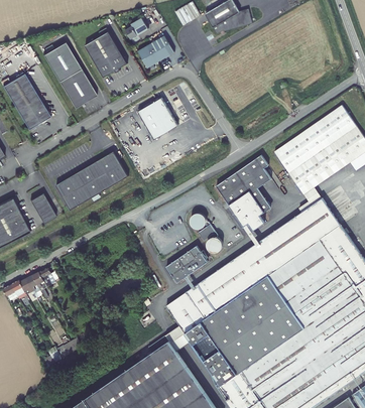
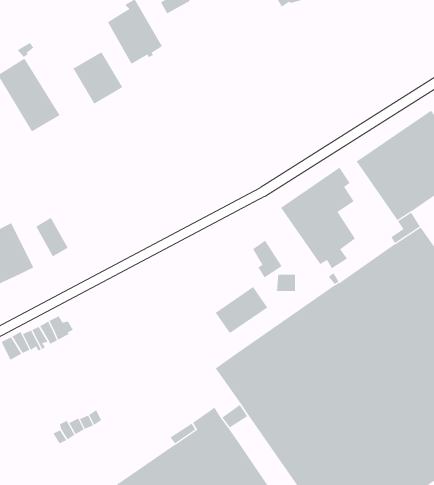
building: [137,34,174,66] -> none
building: [49,51,81,80] -> none
building: [137,97,177,138] -> none
building: [56,152,129,210] -> none

